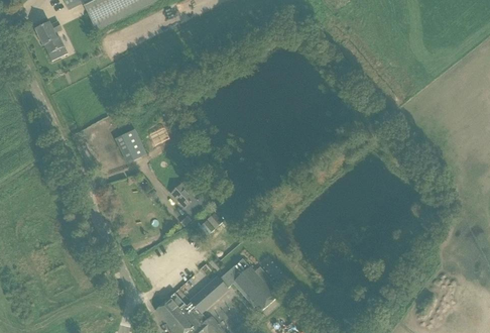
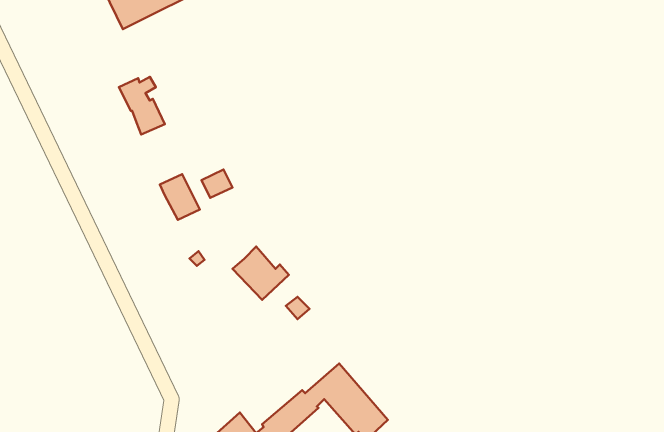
building: [36,20,68,60] -> [119,77,165,134]

